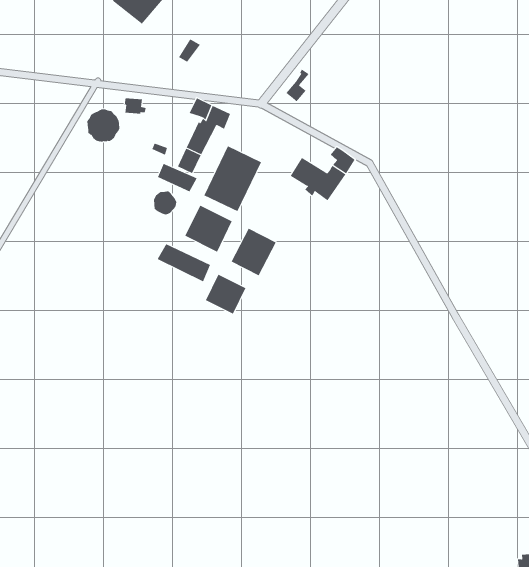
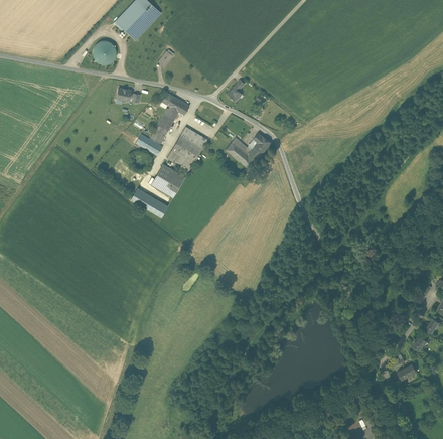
building: [87,109,120,142] -> [94,41,116,63]
building: [231,228,276,276] -> none
building: [205,274,246,314] -> none

